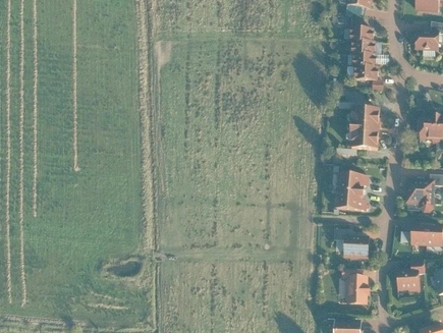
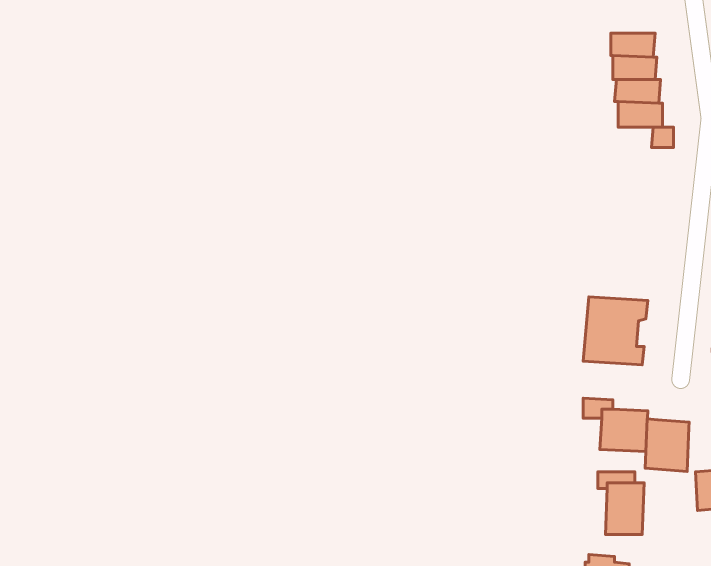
building: [350,107,381,150] -> none
building: none -> [645,419,689,471]

